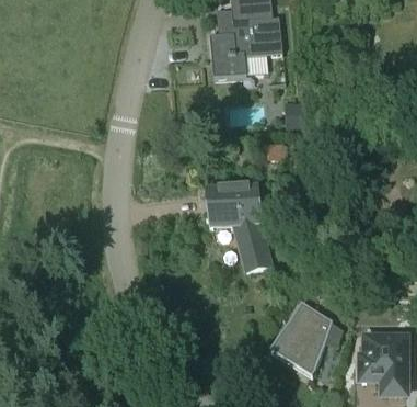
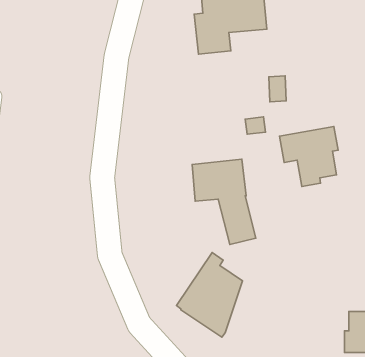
building: none -> [279,127,338,186]
building: [267,294,334,380] -> [177,253,242,337]

